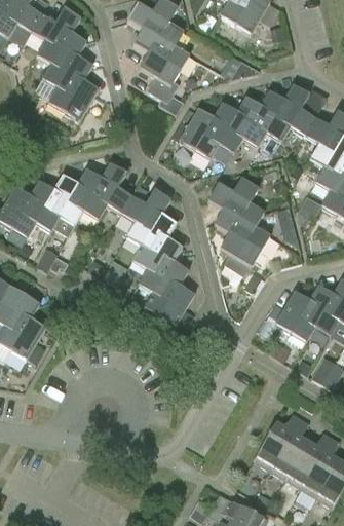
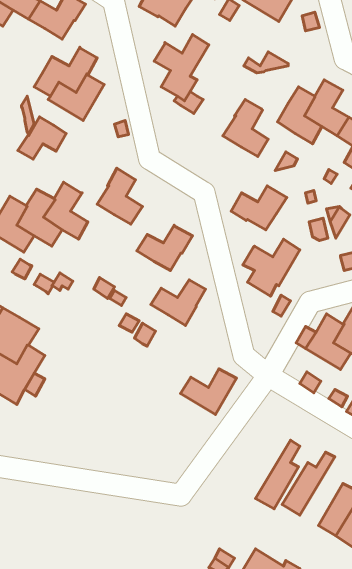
building: [136,22,184,61] -> none
building: [37,32,86,72] -> none
building: [228,96,266,146] -> none
building: [180,108,219,158] -> none
building: none -> [18,117,66,159]
building: [68,168,107,219] -> none
building: [121,190,168,228] -> none
building: [215,202,273,240] -> none
building: [132,237,181,276] -> none
building: [145,285,194,325] -> [180,369,236,414]
building: [270,417,309,478] -> [256,440,300,509]

